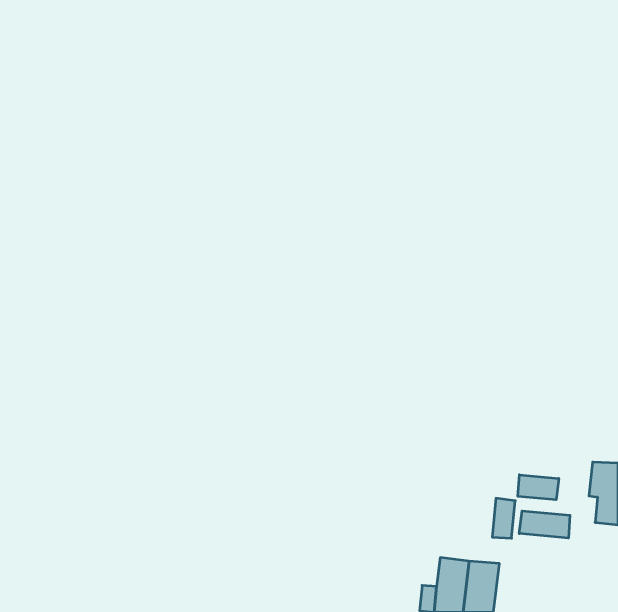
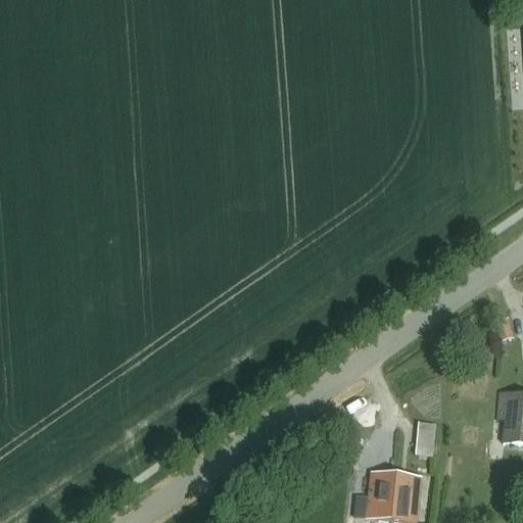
building: [518,475,559,500] -> none
building: [519,511,570,538] -> none

